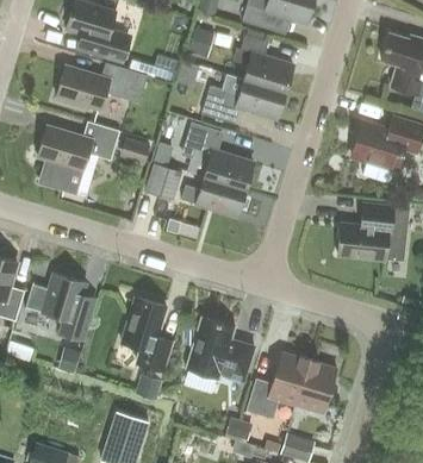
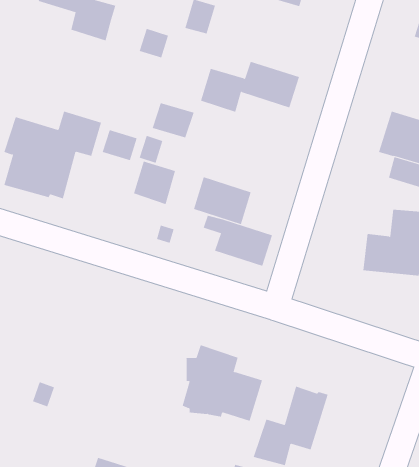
building: [232,35,293,93] -> none
building: [55,63,147,110] -> none
building: [194,146,253,189] -> [203,215,273,266]
building: [42,273,92,340] -> none
building: [120,296,172,399] -> none
building: [294,358,336,413] -> none

